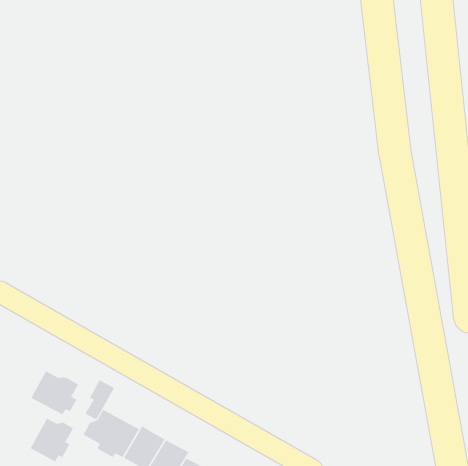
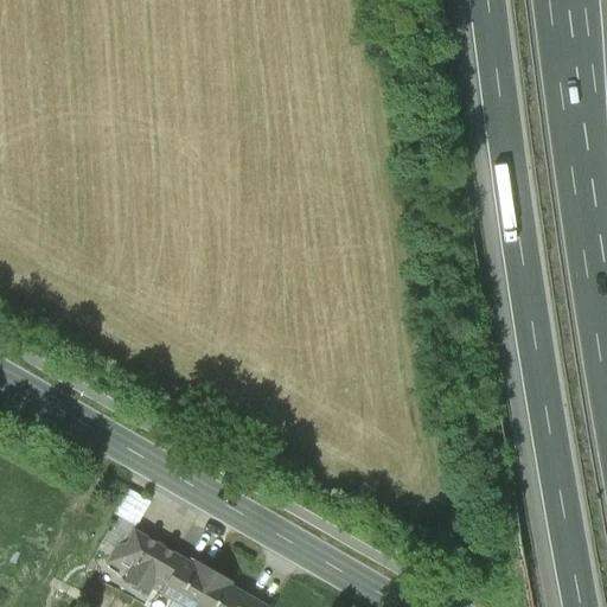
building: [31,371,79,415] -> none
building: [30,418,74,462] -> none

